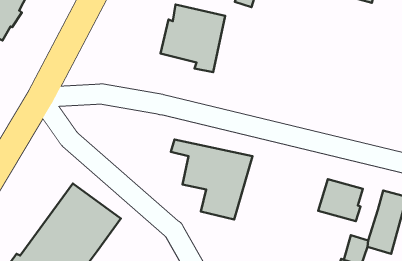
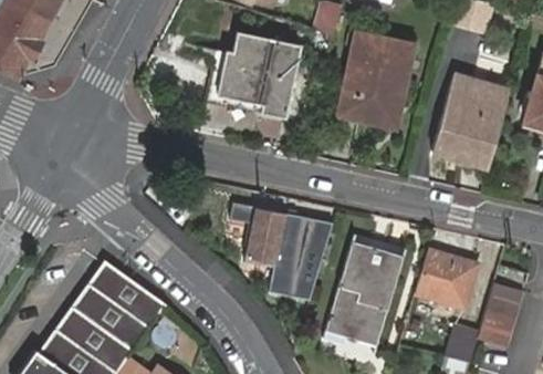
building: none -> [337,31,411,125]
building: none -> [435,66,513,160]
building: none -> [325,242,400,345]

